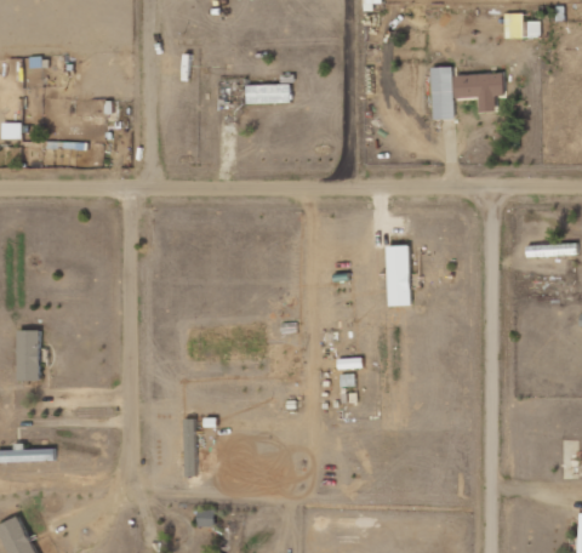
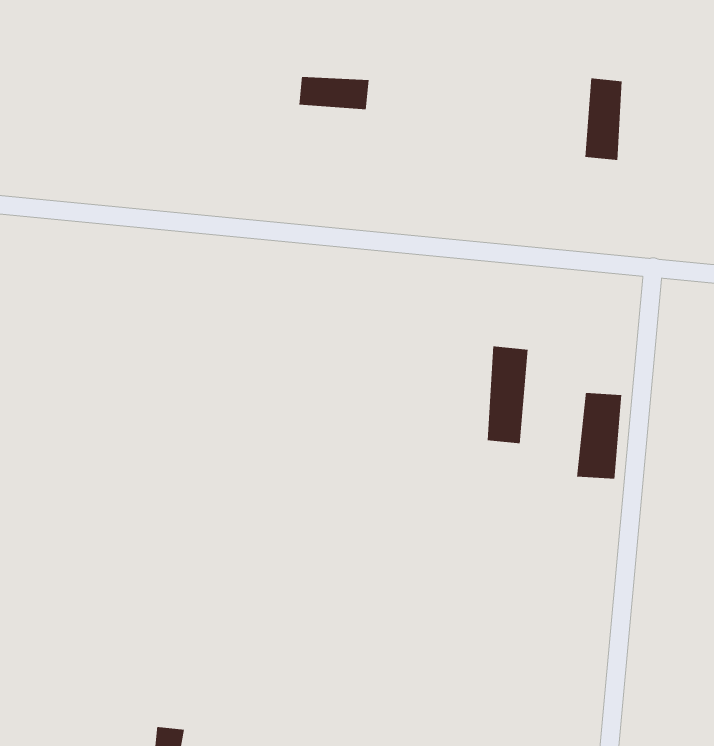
building: [452,73,502,112] -> none
building: none -> [576,392,622,480]

